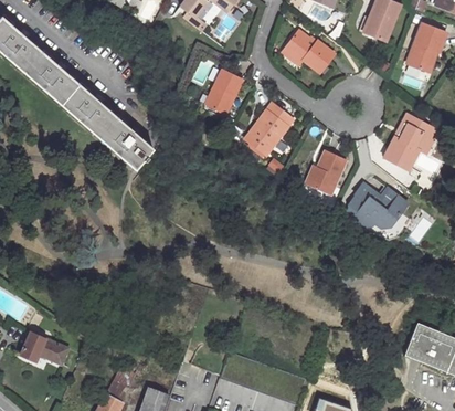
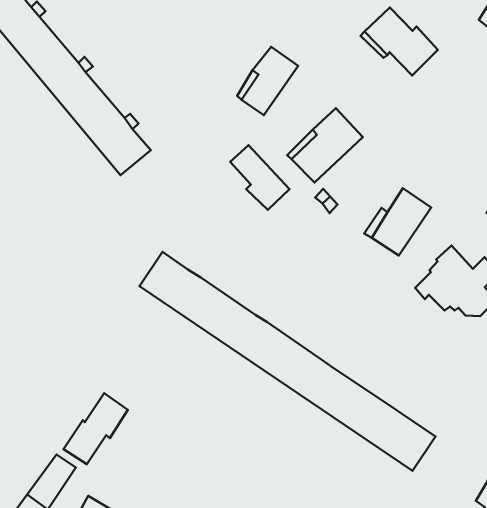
building: none -> [230,145,289,210]
building: none -> [140,252,435,471]
building: none -> [63,393,128,464]

